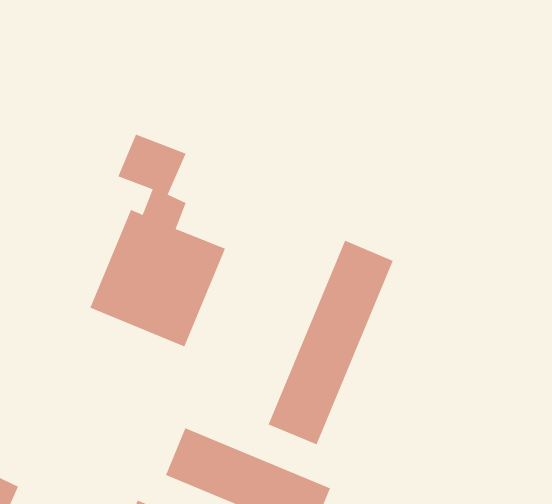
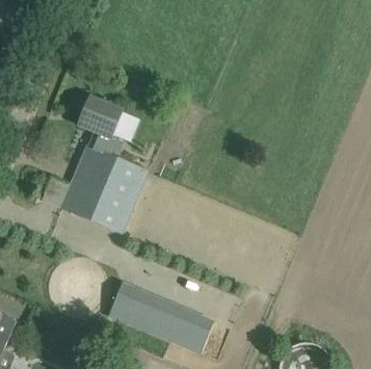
building: [268,240,394,445] -> none

